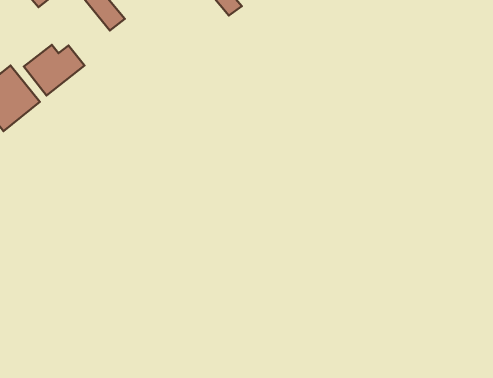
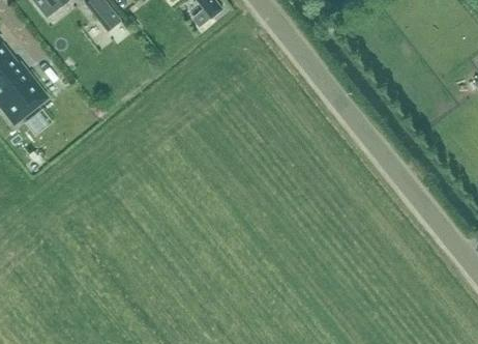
building: [24,45,85,96] -> none

